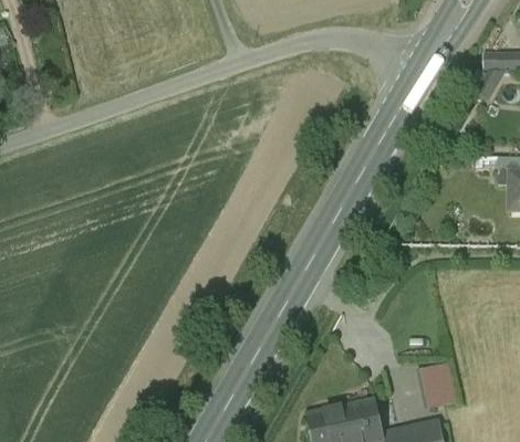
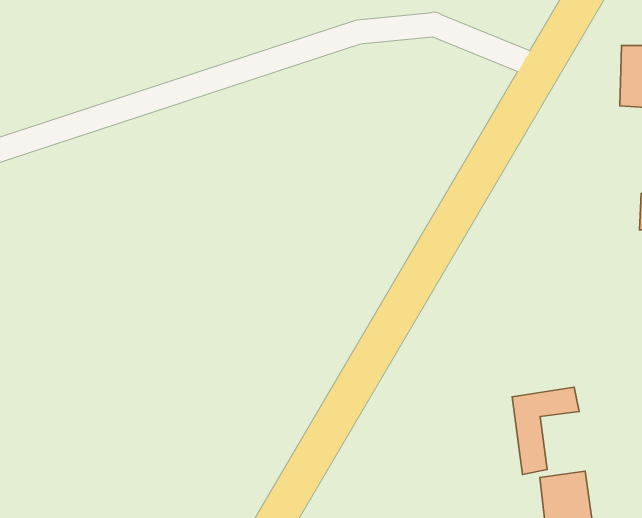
building: none -> [512,387,579,474]

